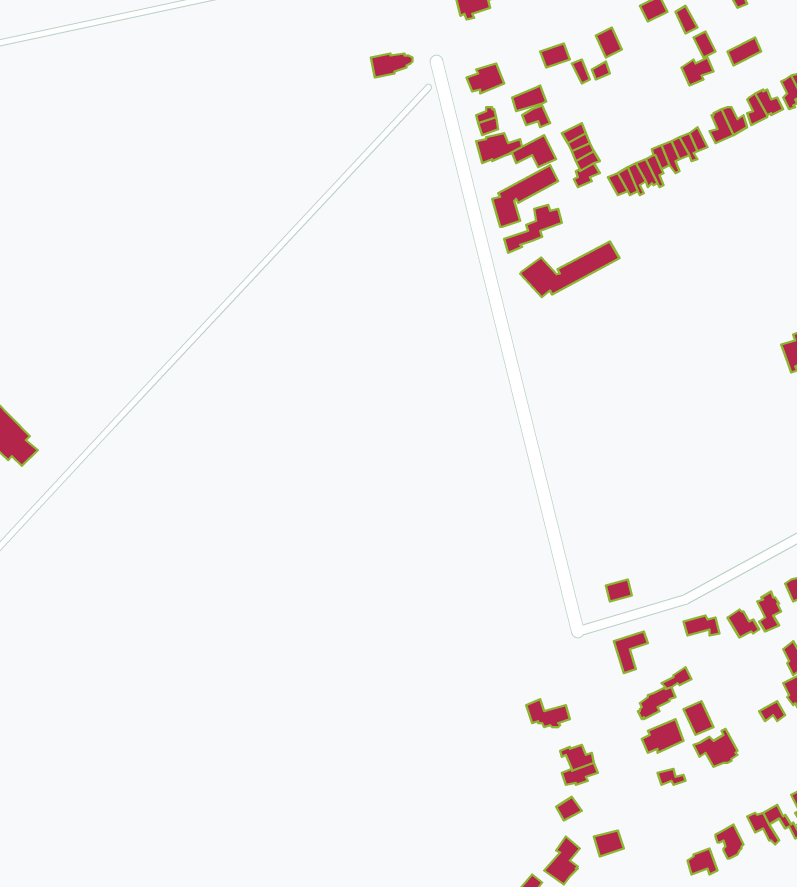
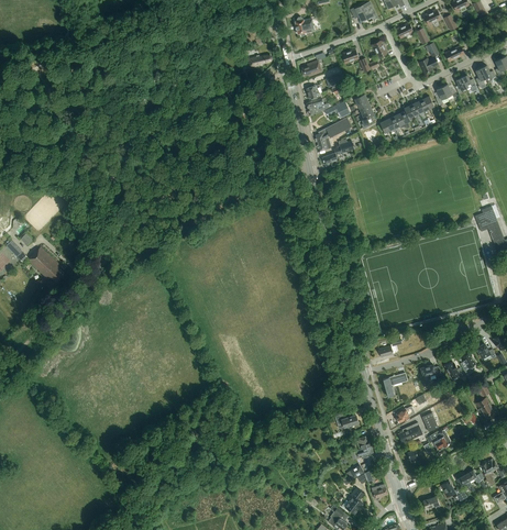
building: [520,242,619,297] -> none

